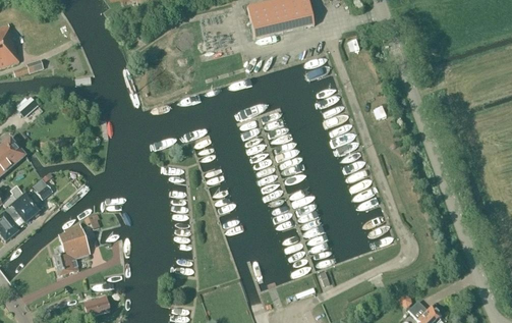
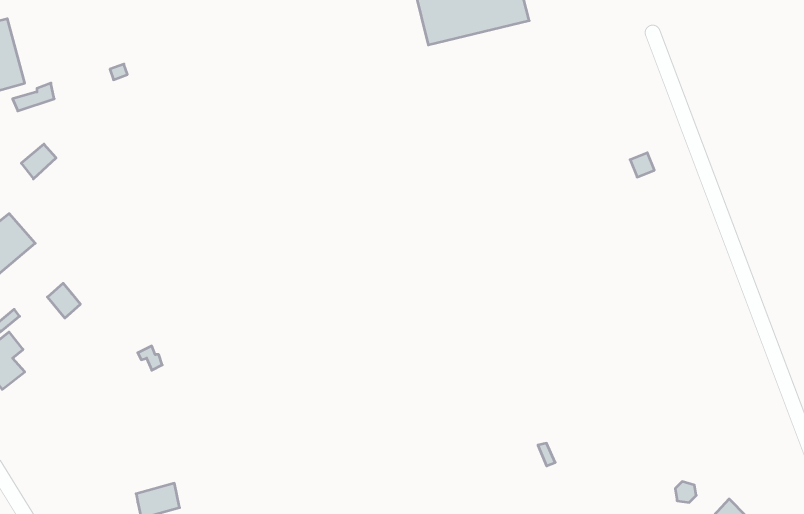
building: [9,192,38,220] -> none
building: [53,223,89,275] -> none

